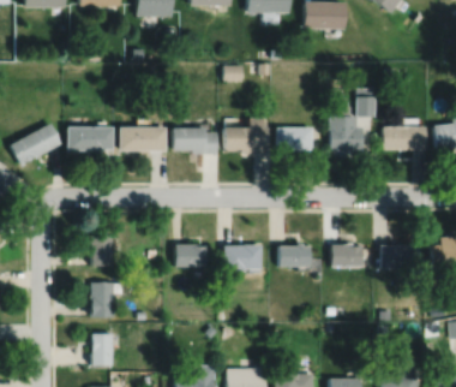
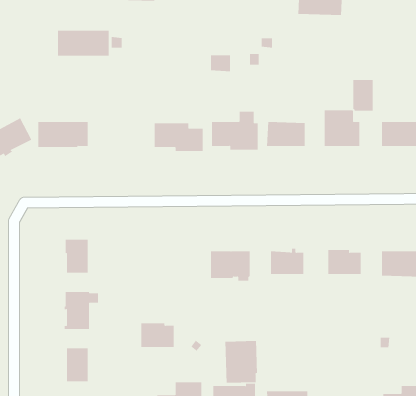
building: [119,126,167,150] -> [57,30,109,56]
building: [175,244,206,267] -> [140,323,174,348]
building: none -> [225,340,258,384]

